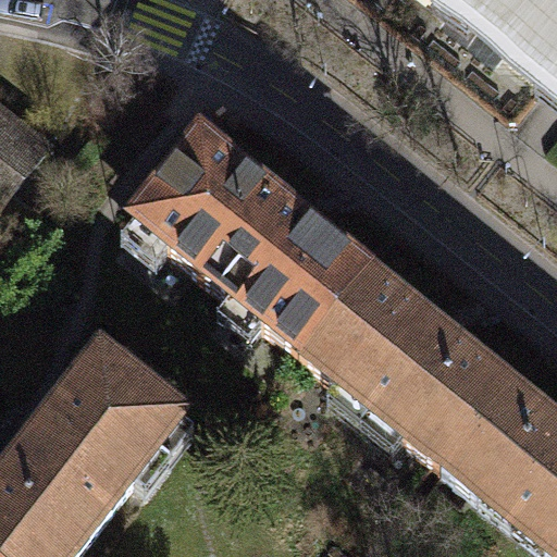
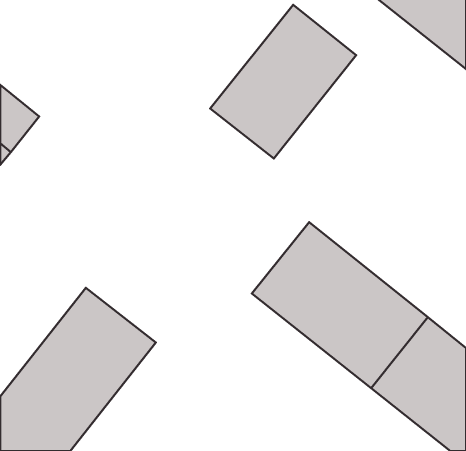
building: none -> [210,5,356,159]
building: [132,131,369,350] -> none

